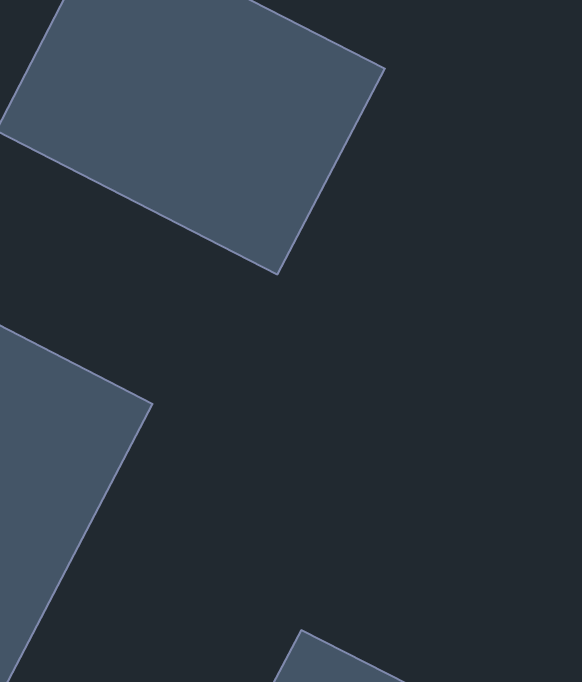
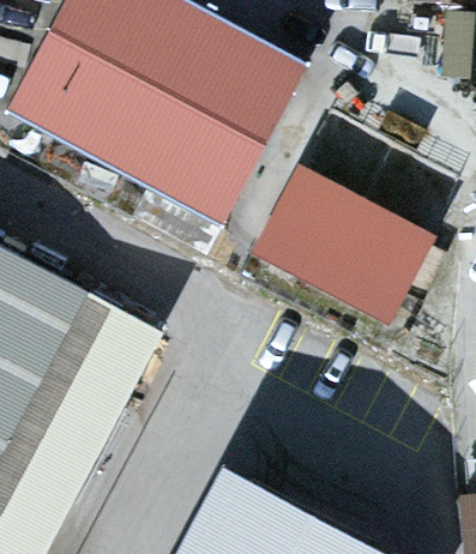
building: none -> [260,170,434,324]

